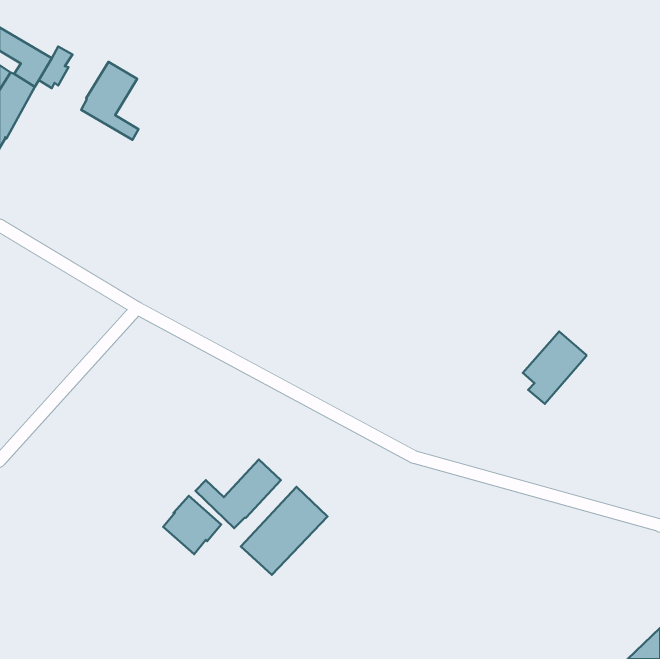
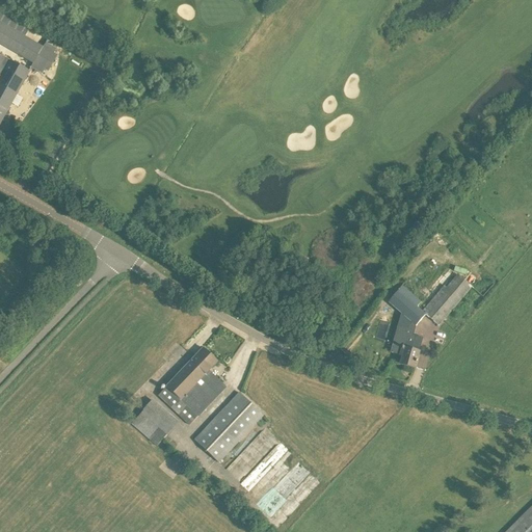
building: [81,62,138,140] -> none
building: none -> [388,284,429,324]
building: none -> [391,325,422,367]
building: none -> [165,346,216,399]

